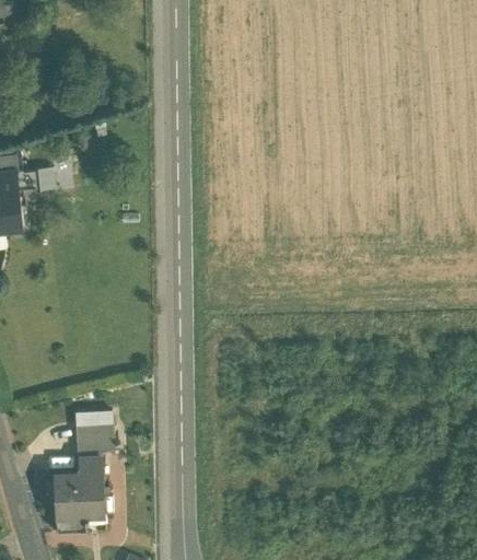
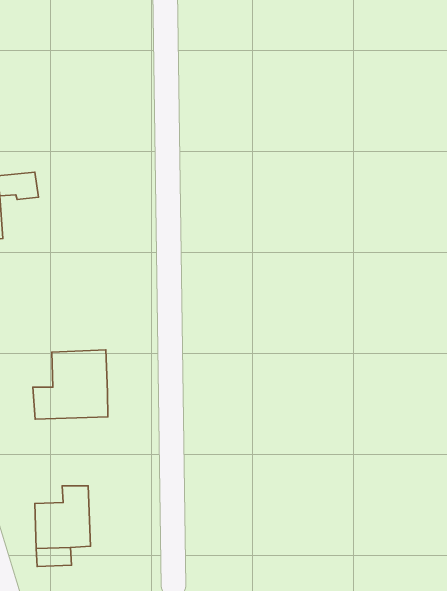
building: none -> [33,350,108,419]
building: [77,419,114,454] -> none

